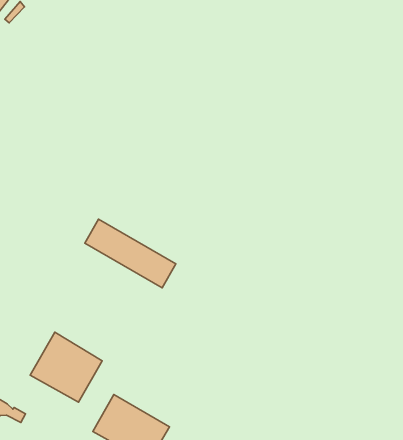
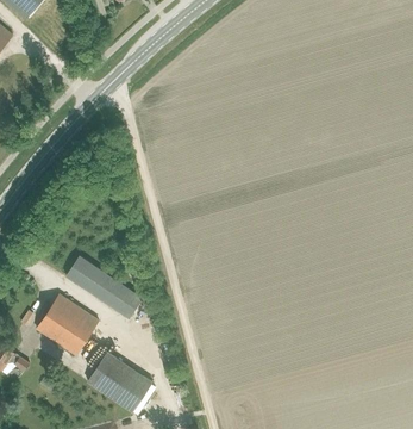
building: [85,219,176,288] -> [64,255,142,318]

